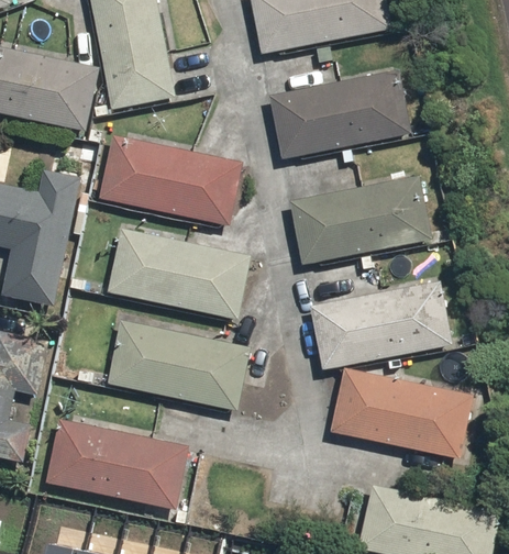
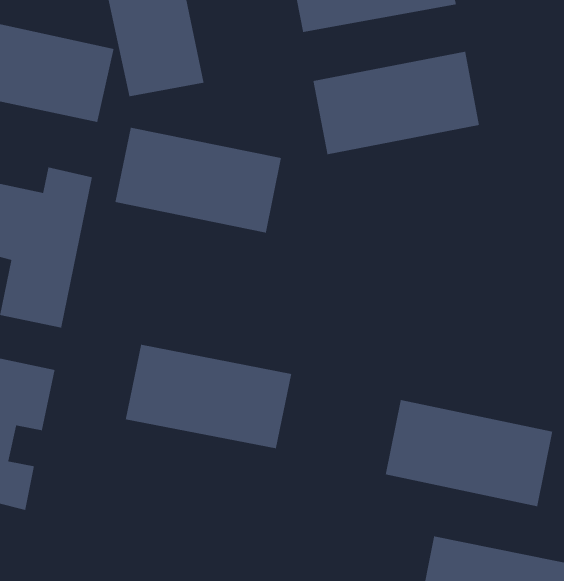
building: [289,175,432,265] -> none
building: [108,228,251,319] -> none
building: [309,280,453,369] -> none
building: [45,418,188,510] -> none

